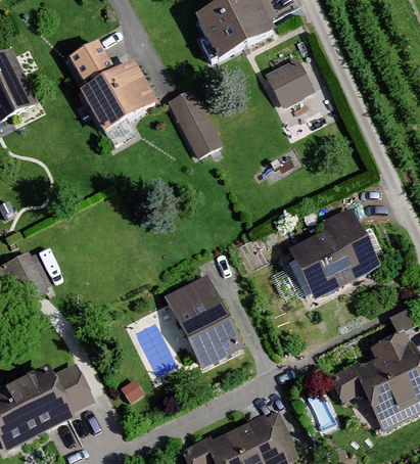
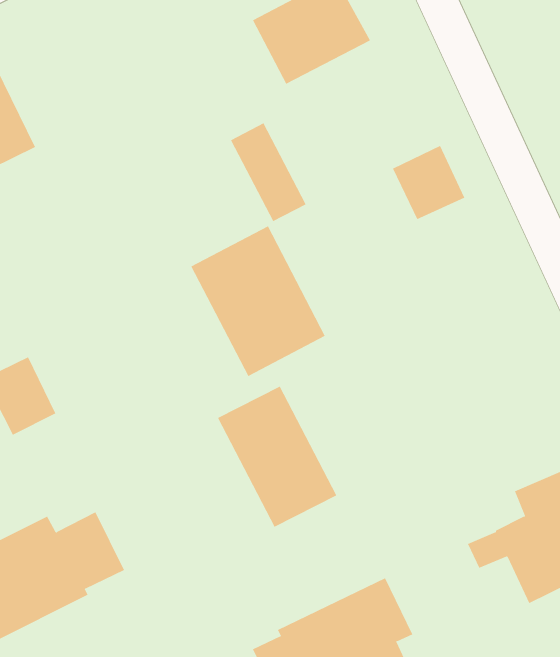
building: [64,41,154,132] -> none
building: [265,55,316,107] -> [392,145,465,220]
building: none -> [191,225,326,377]
building: [287,206,379,301] -> none

